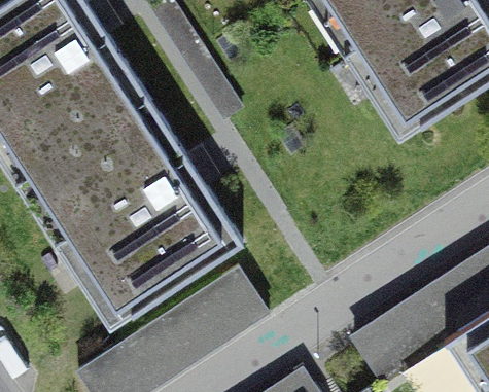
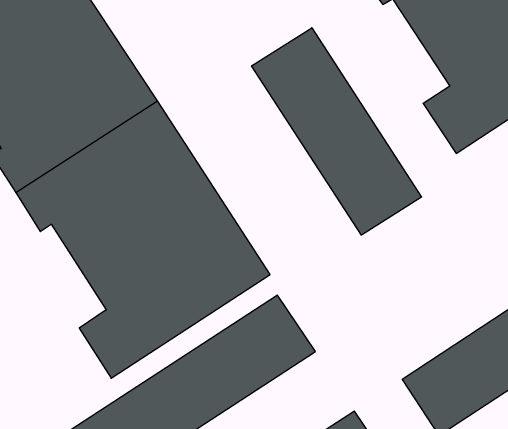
building: none -> [252,28,422,235]

